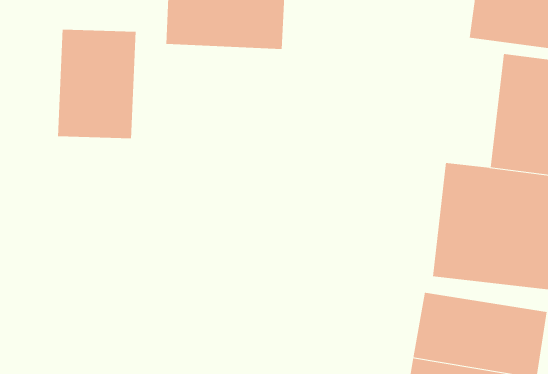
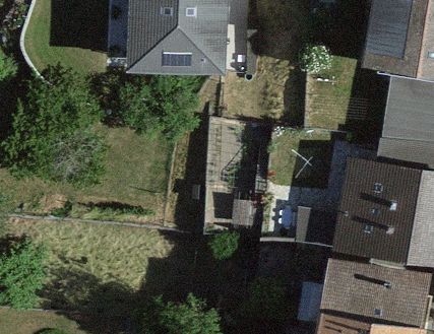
building: [57,29,136,139] -> none

